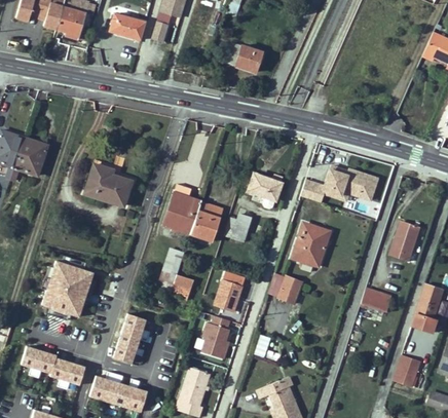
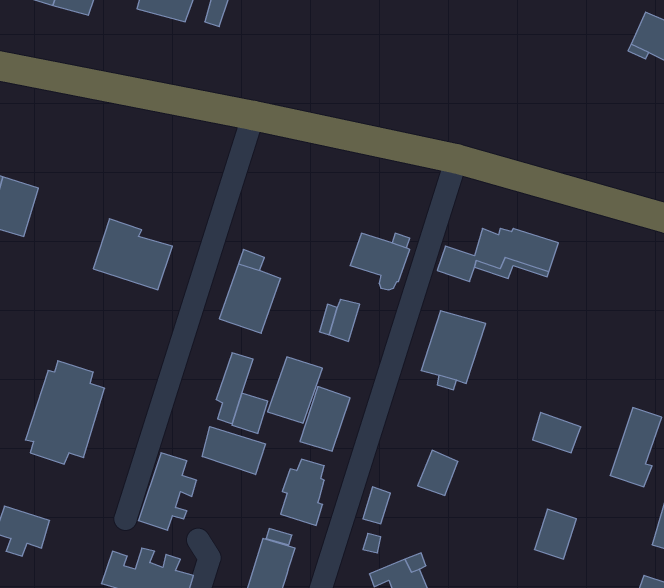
building: [227,41,262,70] -> none
building: [189,201,224,243] -> [268,357,322,423]
building: [389,220,421,261] -> none
building: [277,275,303,304] -> [418,450,458,495]
building: none -> [202,427,265,475]
building: [395,355,421,387] -> [534,509,576,559]
building: [48,357,83,389] -> none

